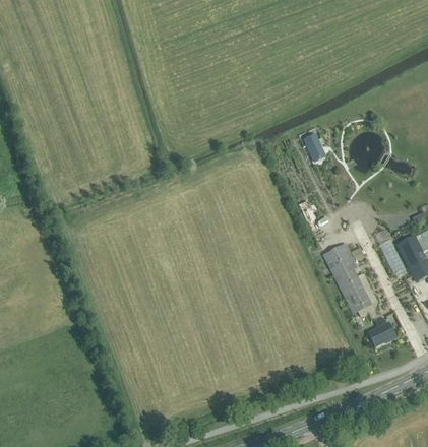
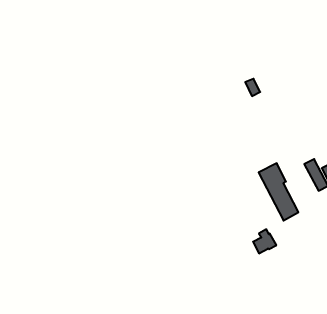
building: [368,317,396,346] -> [253,229,276,253]

